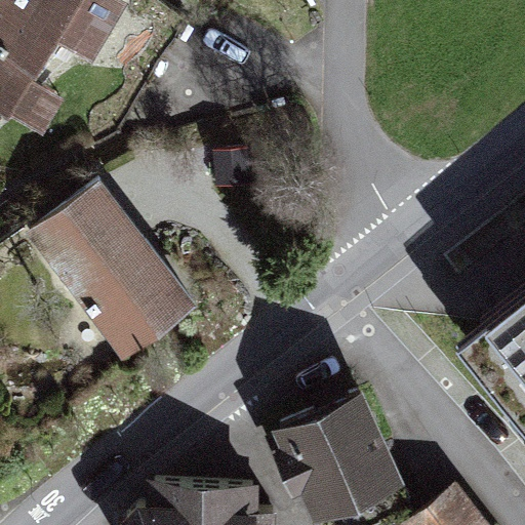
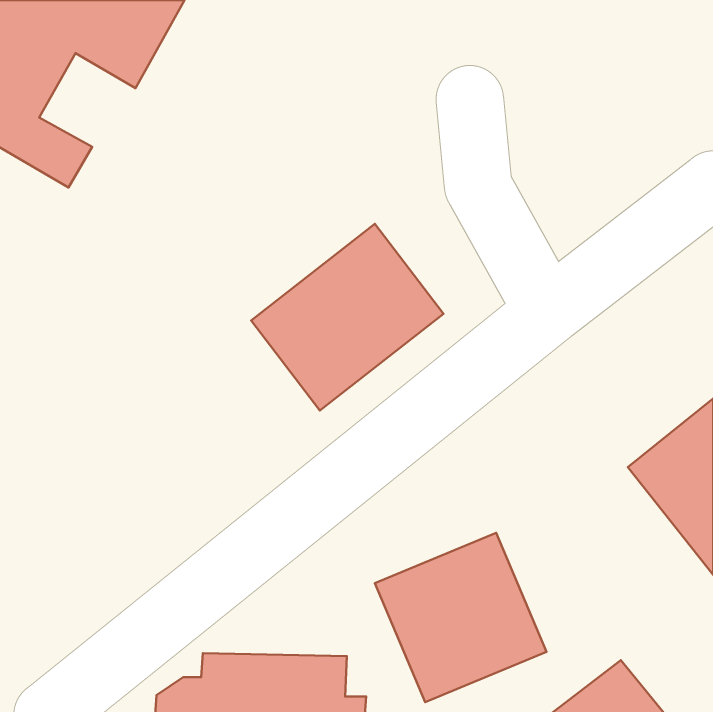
building: none -> [251,224,443,410]
building: [25,178,197,361] -> none

